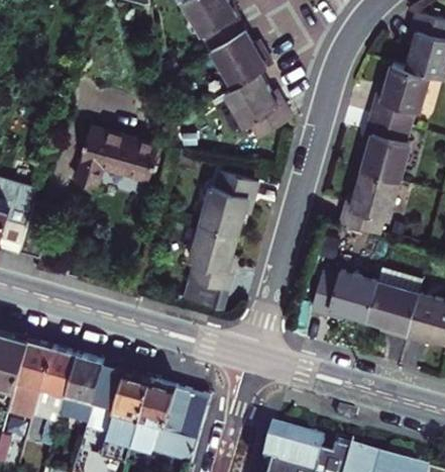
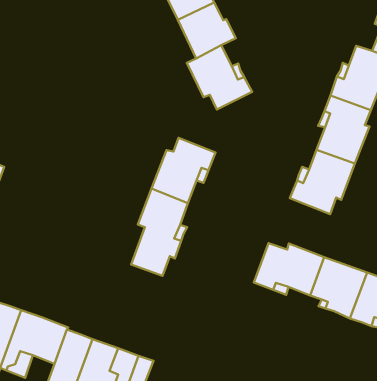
building: [79,119,156,181] -> none

